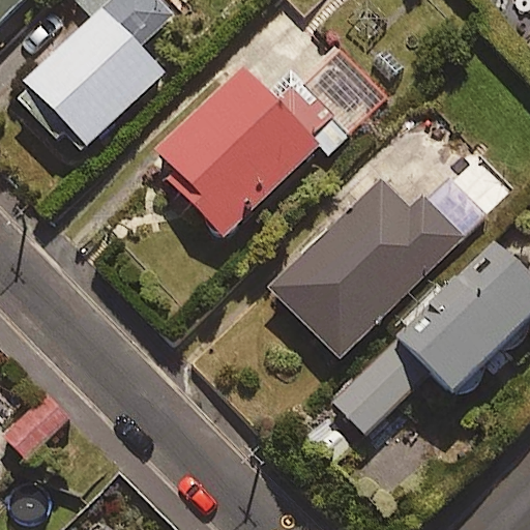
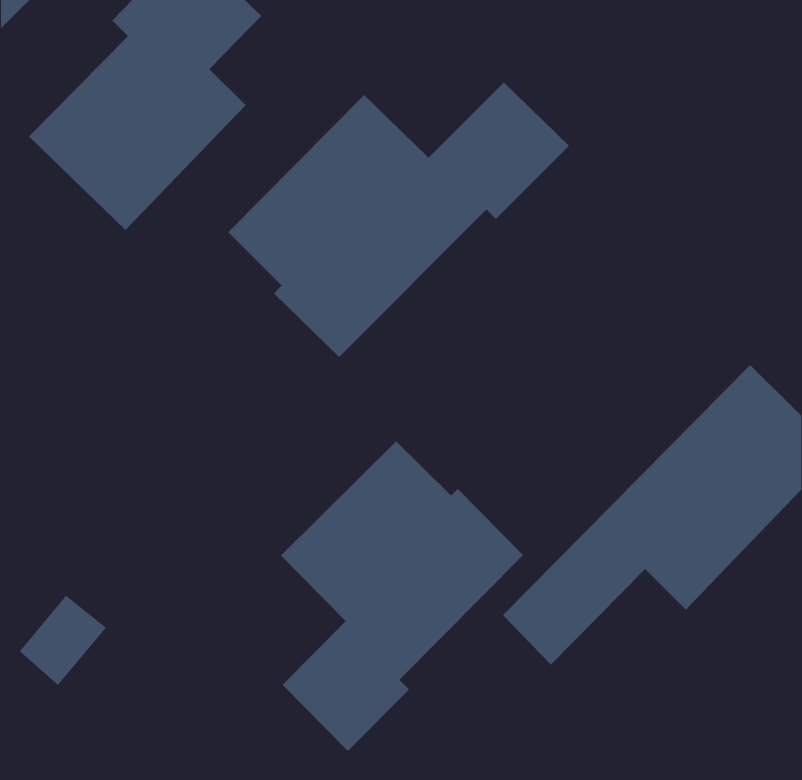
building: [271,173,489,357] -> none
building: none -> [280,440,524,752]

